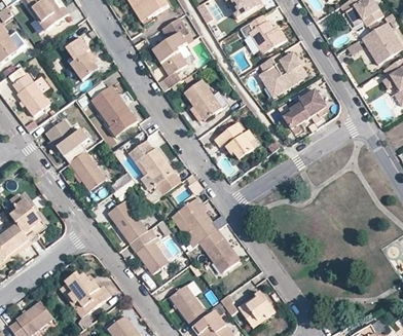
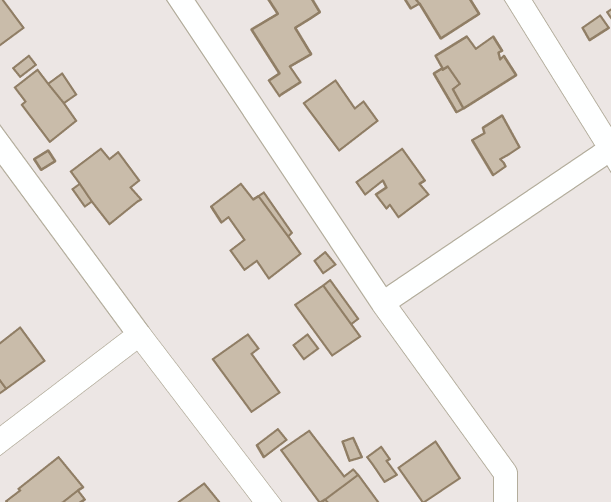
building: [67,36,98,79] -> none
building: [91,84,137,135] -> none
building: [299,88,326,117] -> none
building: [69,149,106,190] -> none
building: [9,193,43,242] -> none
building: [108,199,147,241] -> none
building: [198,228,237,272] -> none
building: [59,272,109,315] -> none

